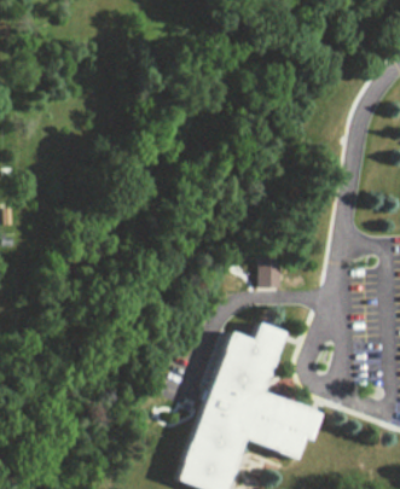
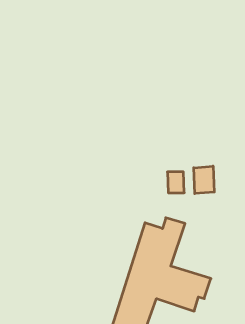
building: none -> [194,166,214,194]

